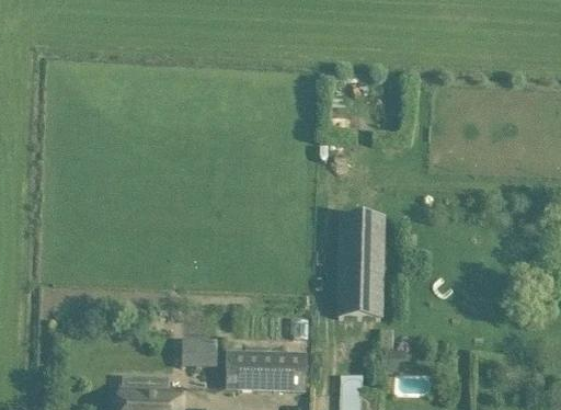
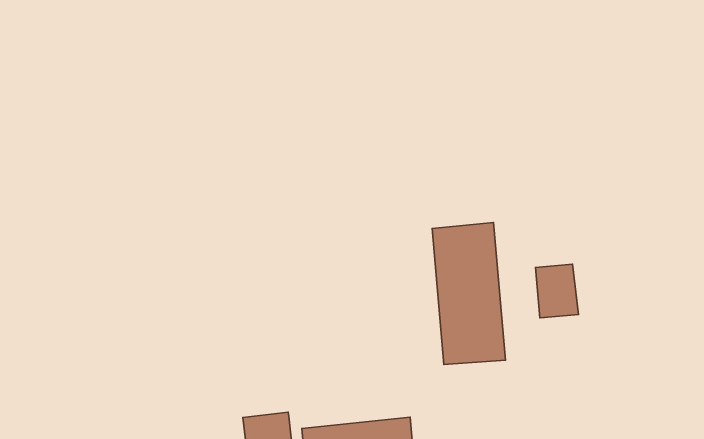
building: none -> [535,264,578,318]

